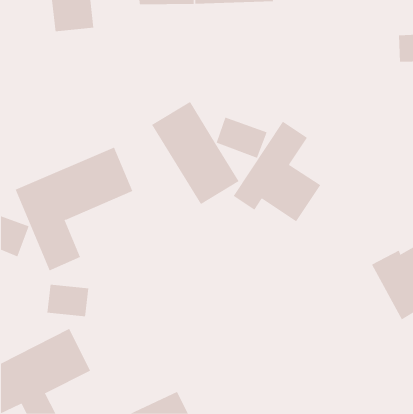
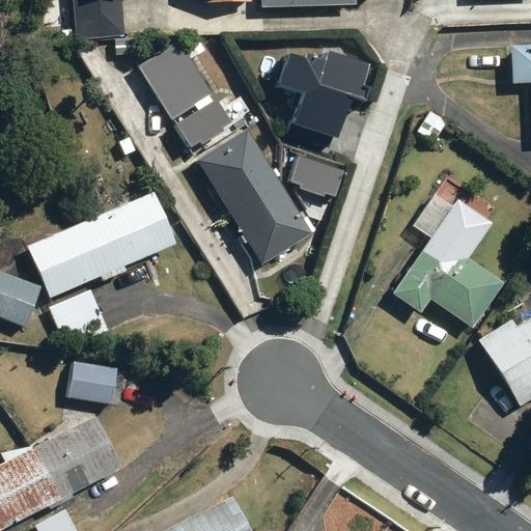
building: none -> [137,36,235,150]
building: none -> [270,44,361,141]
building: [233,121,321,222] -> [393,199,505,328]

